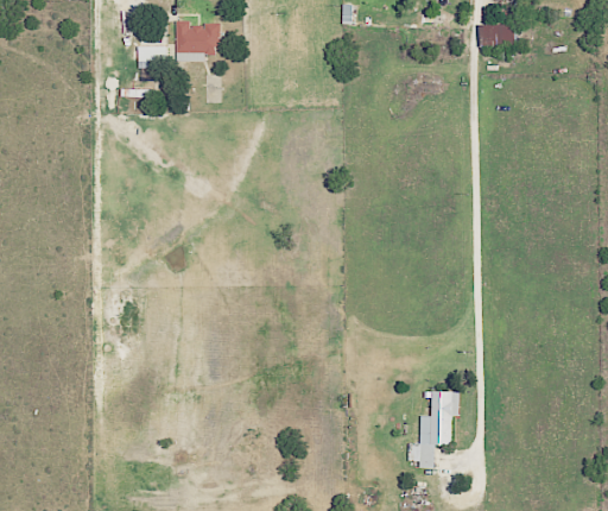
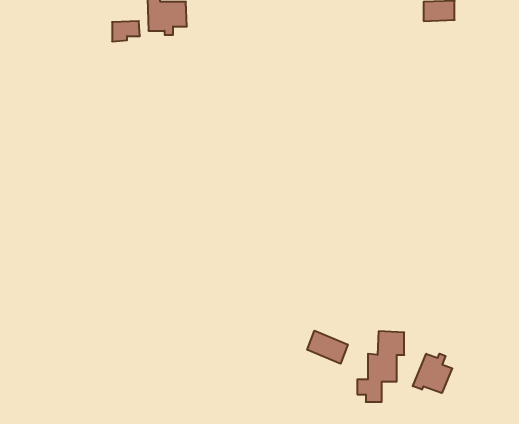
building: none -> [307,331,348,364]
building: none -> [413,354,452,393]

